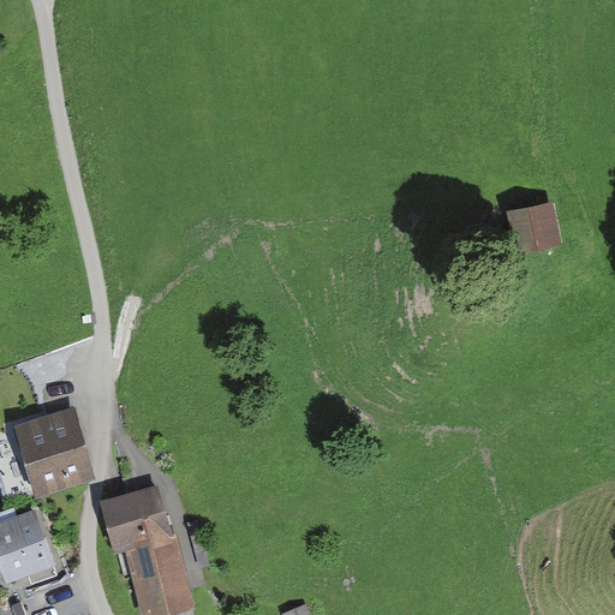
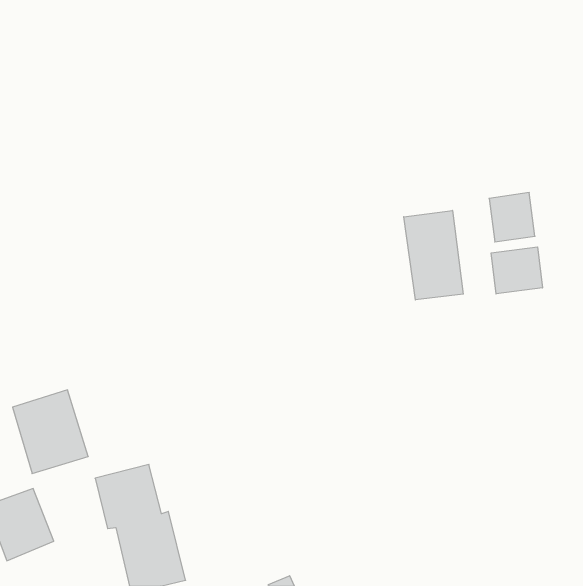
building: none -> [404,210,463,300]
building: none -> [491,247,542,294]

